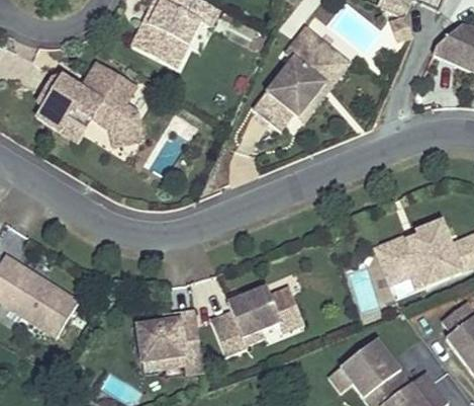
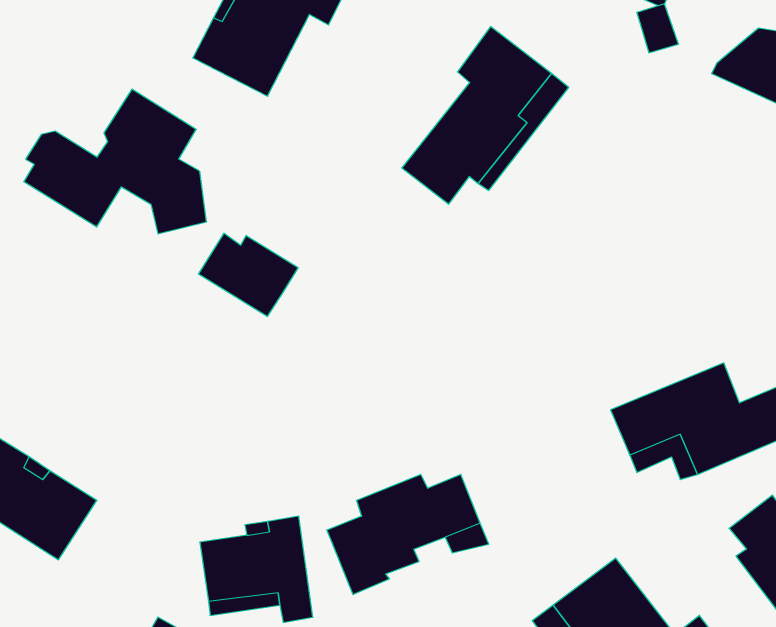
building: none -> [199,233,298,317]

